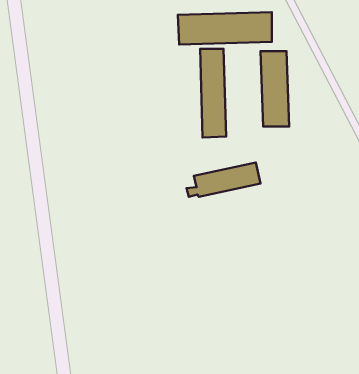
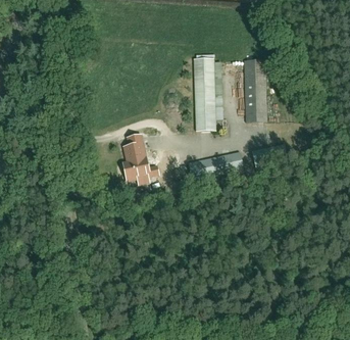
building: [178,12,272,45] -> none
building: none -> [123,134,159,180]

